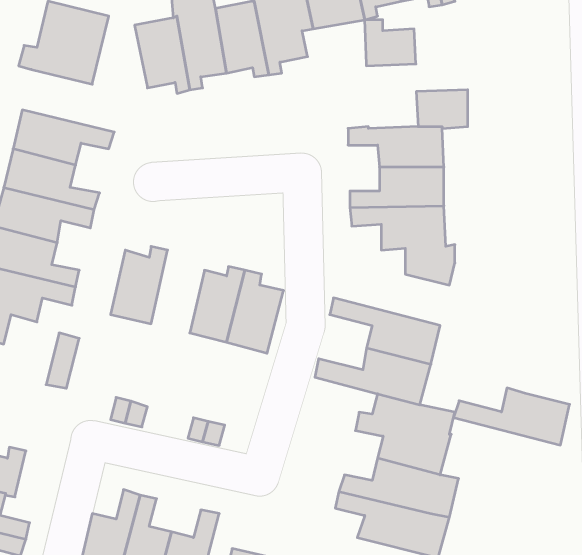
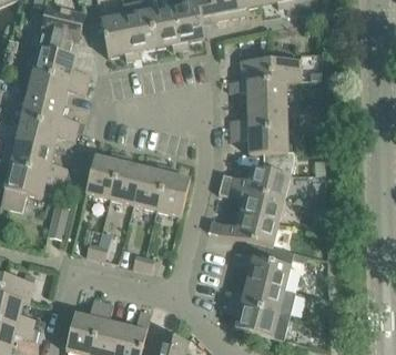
building: [364,20,416,66] -> [241,53,272,81]
building: none -> [33,45,91,83]
building: none -> [111,154,143,204]
building: [454,388,570,445] -> [221,165,291,200]

